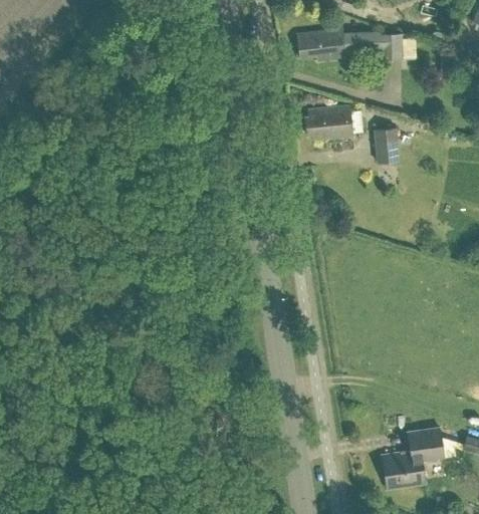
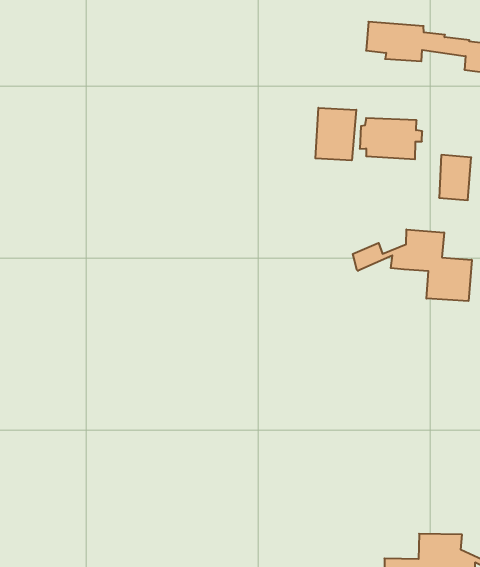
building: none -> [315,108,356,160]
building: none -> [353,229,472,301]

